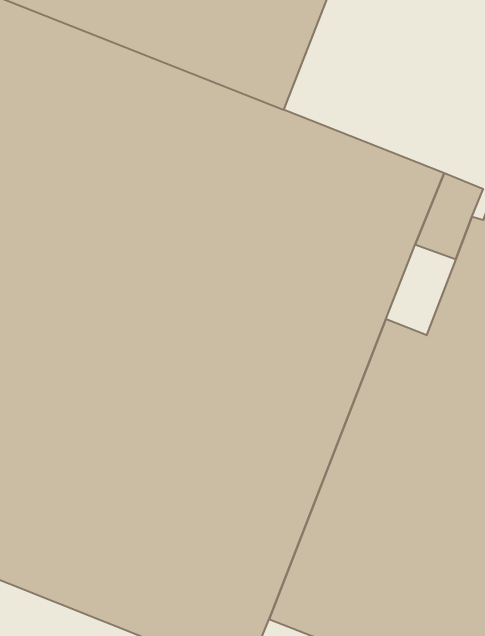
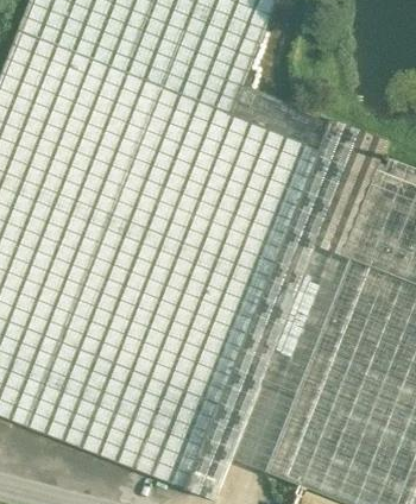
building: none -> [319,184,370,251]

